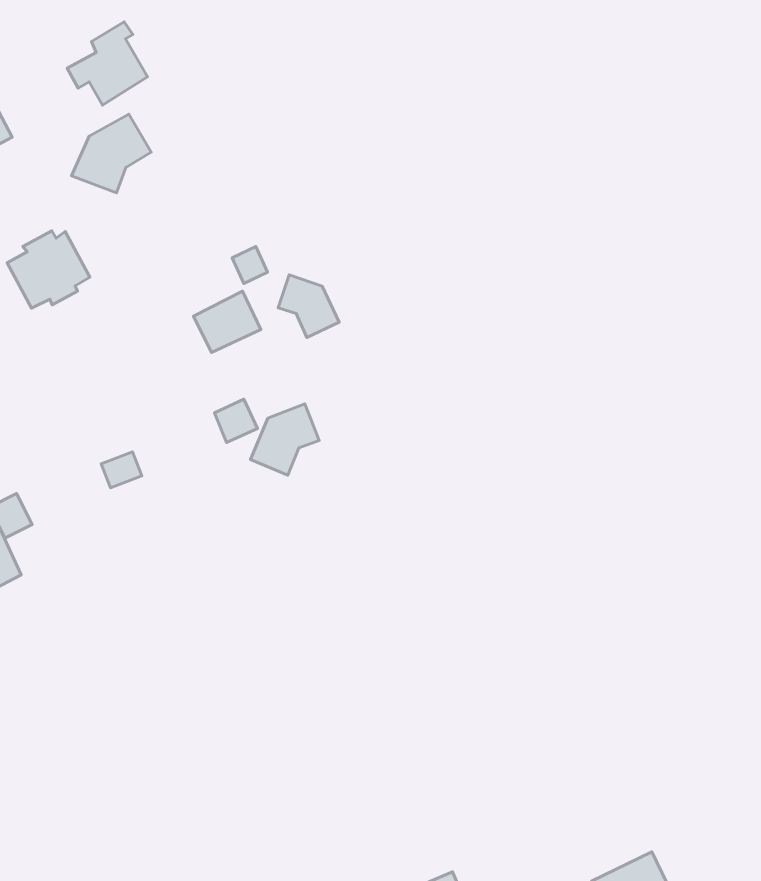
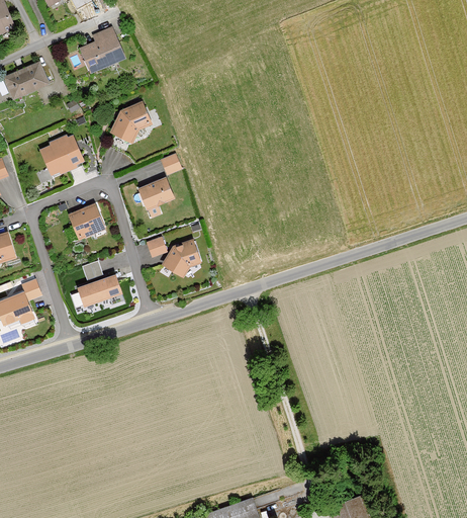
building: [71,114,151,193] -> [108,101,152,143]
building: [278,275,339,337] -> none
building: none -> [68,203,104,238]
building: none -> [76,274,121,308]

